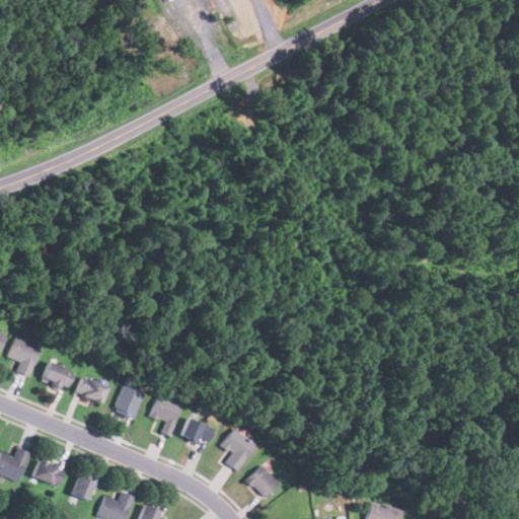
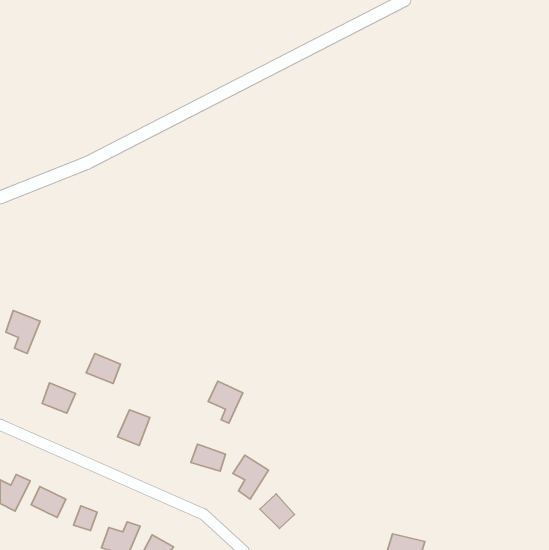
building: [8,337,41,377] -> [6,310,40,354]
building: [75,376,107,404] -> [86,353,121,384]
building: [149,395,181,435] -> [208,381,243,423]

